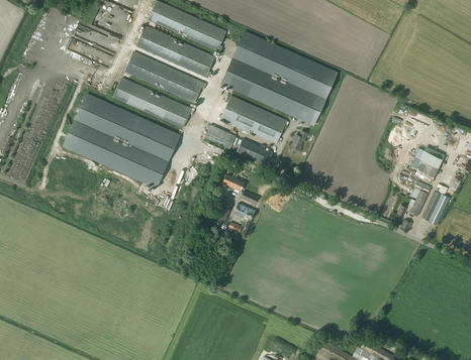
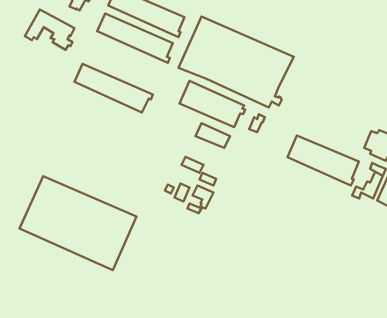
building: [124,52,205,102] -> none
building: [63,93,182,189] -> [19,176,137,270]
building: [204,125,234,149] -> none
building: none -> [287,135,359,185]

